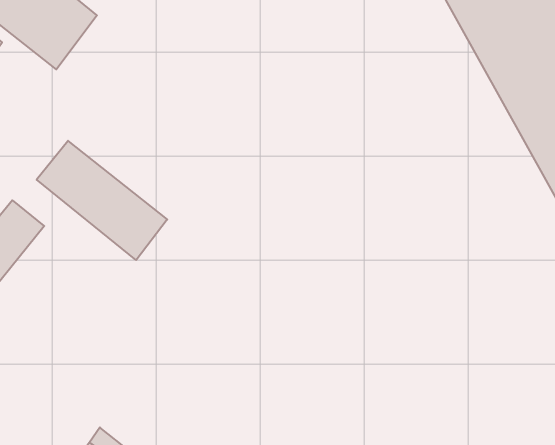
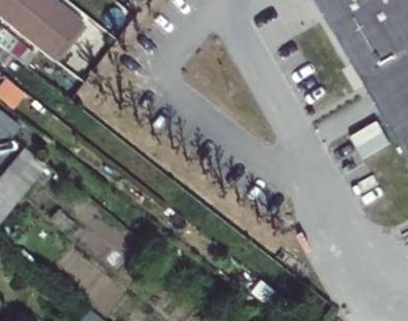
building: [37,141,167,260] -> none

